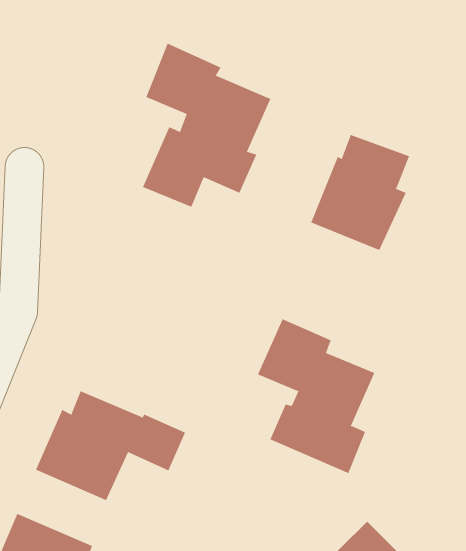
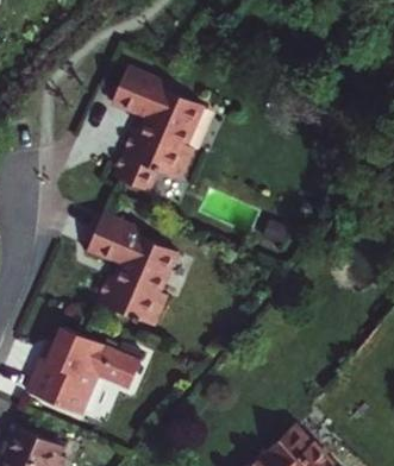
building: [311,134,410,251] -> none
building: [257,319,375,474] -> [88,212,179,330]

